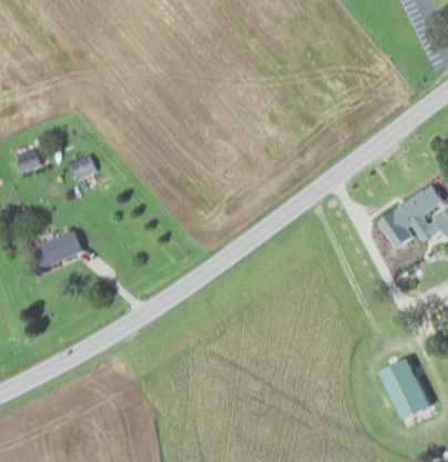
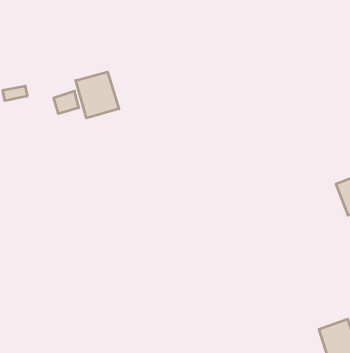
building: none -> [76,72,119,118]
building: [37,229,88,267] -> none

